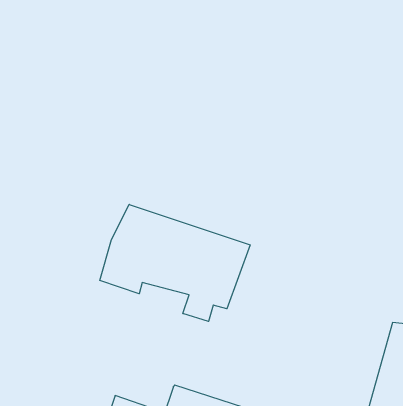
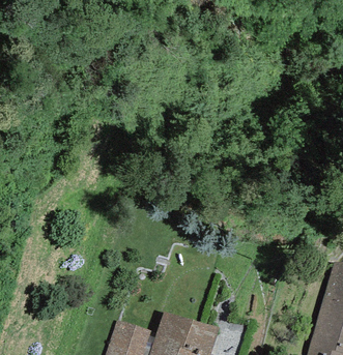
building: [100,204,250,321] -> none

